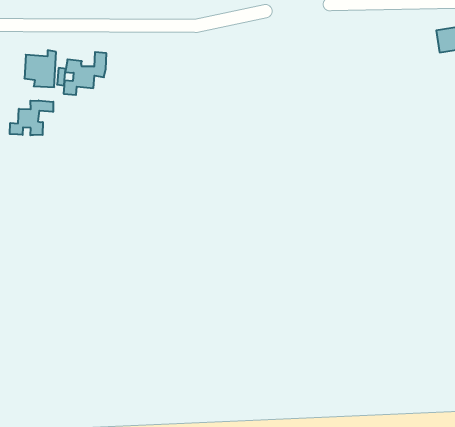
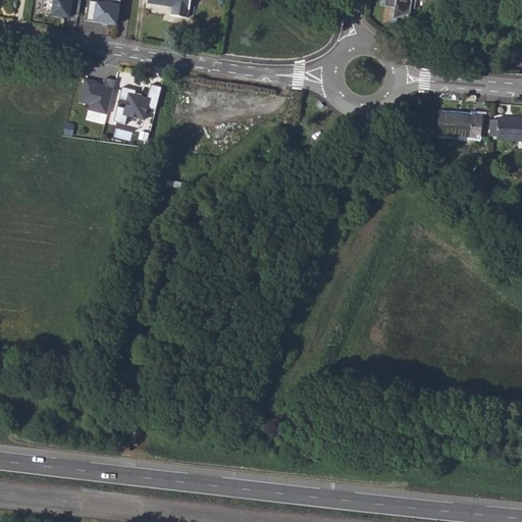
building: none -> [436,112,481,138]
building: [10,100,53,135] -> none

